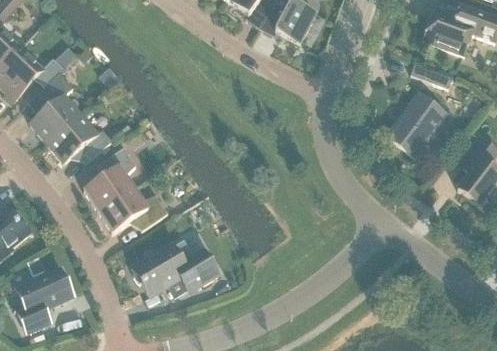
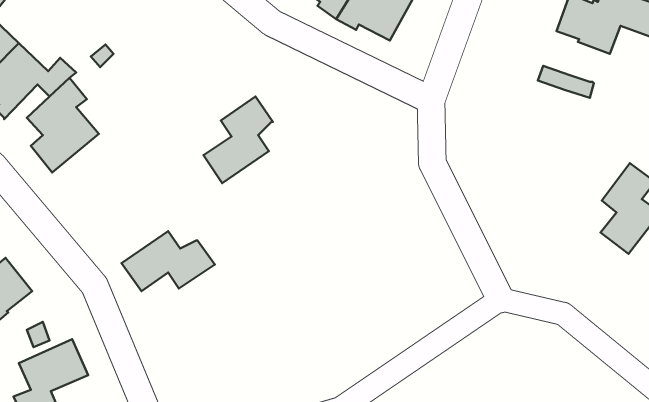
building: [387,94,443,158] -> none
building: [46,114,112,163] -> none
building: [84,146,136,211] -> [203,97,273,183]
building: [133,240,218,294] -> none

